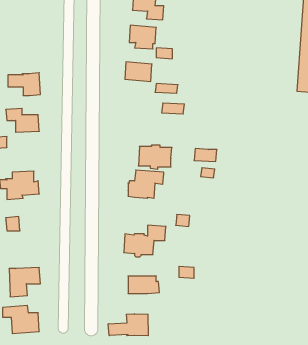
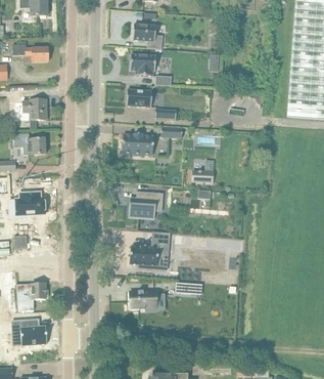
building: none -> [12,44,48,61]
building: [138,145,172,169] -> [122,133,153,156]
building: [108,314,148,336] -> none

